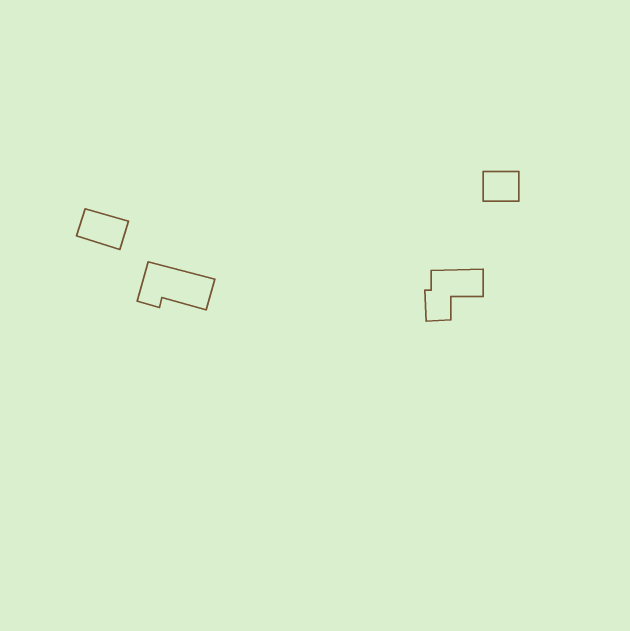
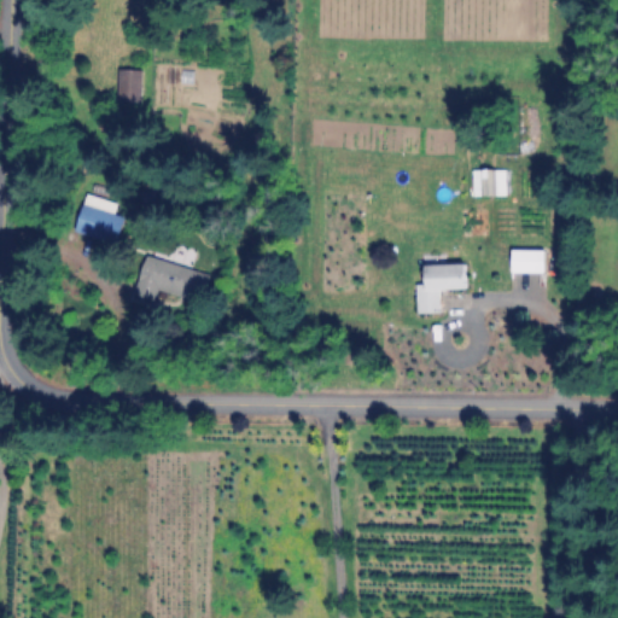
building: none -> [117,69,142,99]
building: none -> [511,249,548,273]

